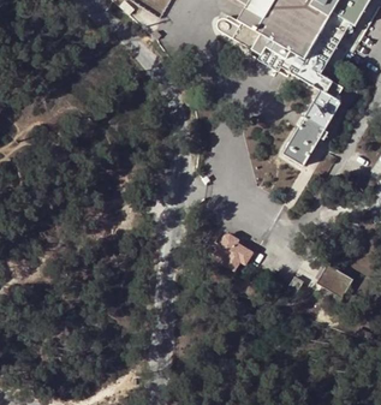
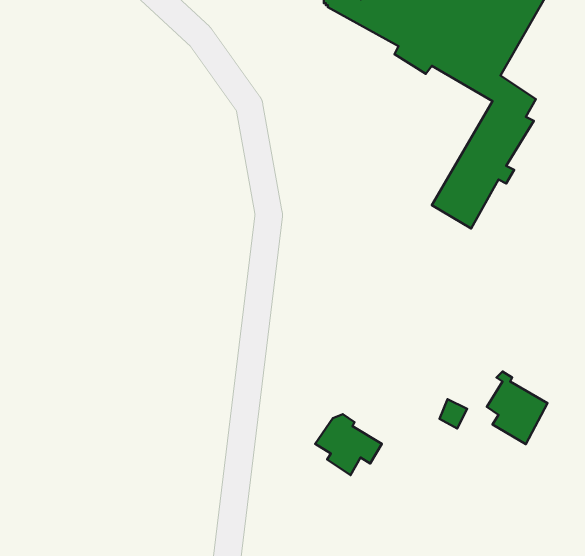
building: [213,231,254,268] -> [315,414,382,475]

